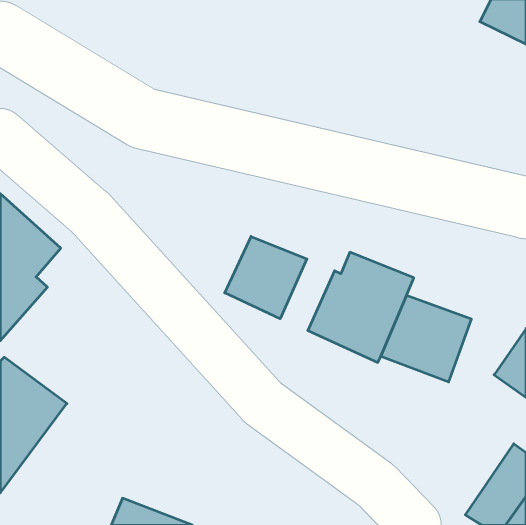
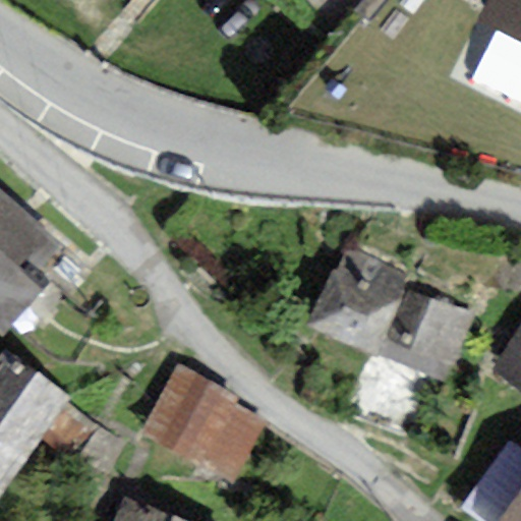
building: [225,236,307,319] -> none
building: none -> [141,363,269,483]

